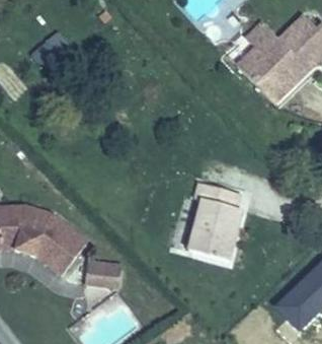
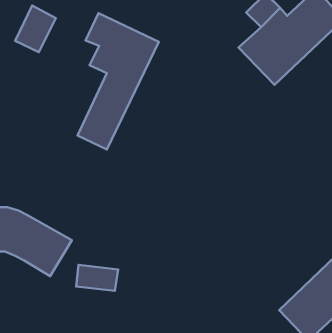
building: none -> [77,13,159,150]
building: [183,186,238,260] -> none

